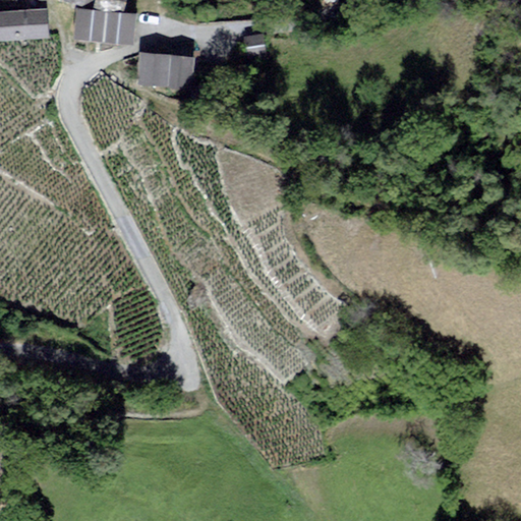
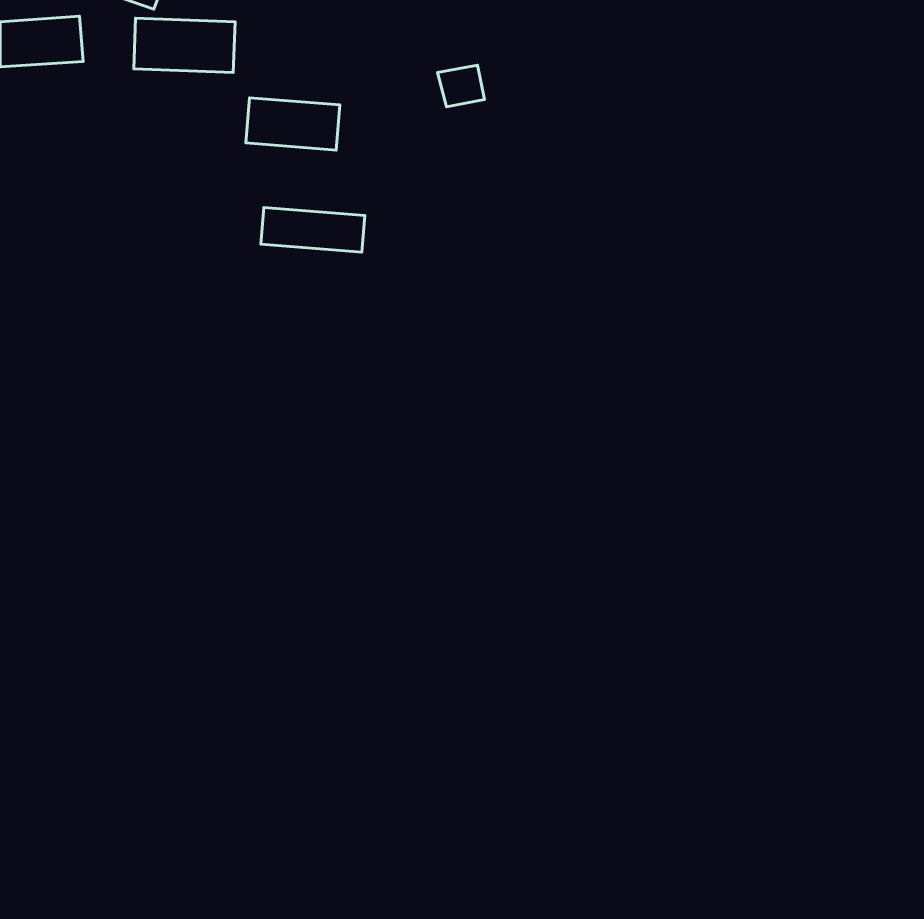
building: none -> [261,208,365,252]

